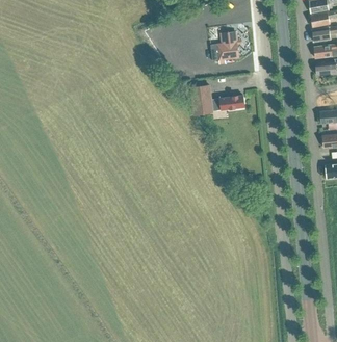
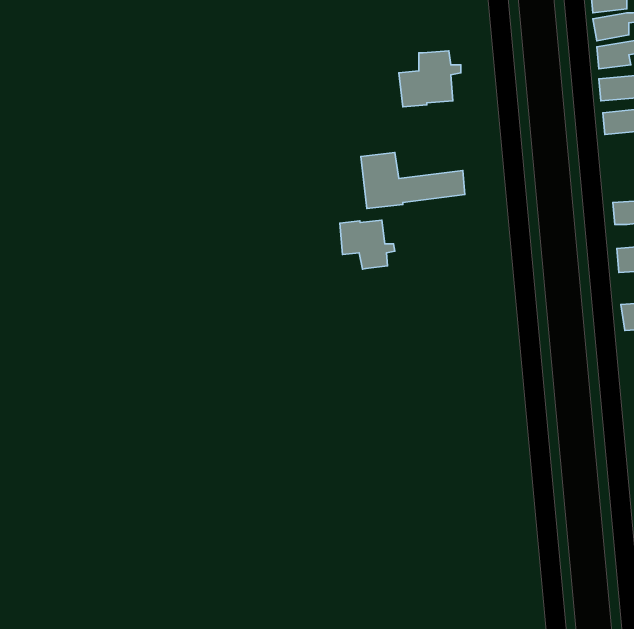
building: none -> [340,220,395,269]

